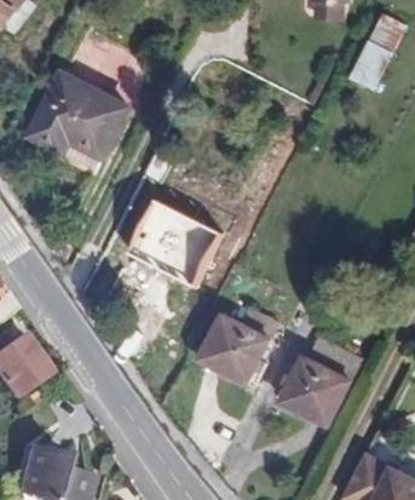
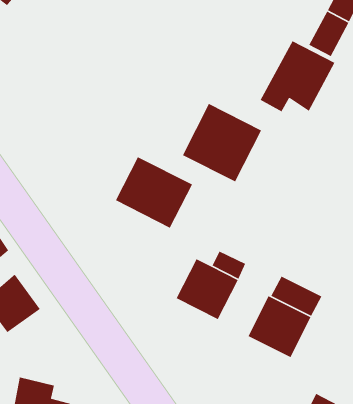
building: [30,70,131,156] -> none
building: none -> [259,40,336,113]
building: none -> [182,103,262,183]

